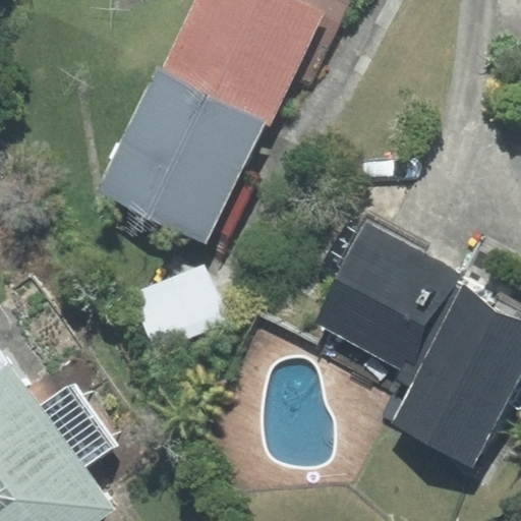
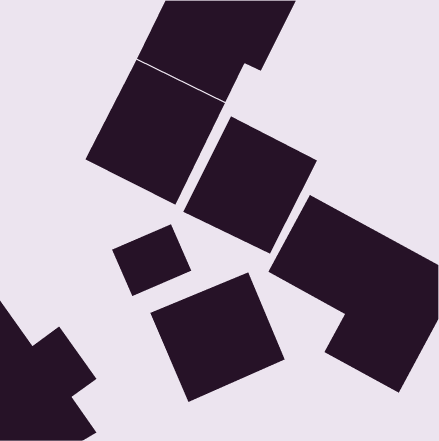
building: none -> [183,115,318,255]
building: none -> [150,271,285,403]

